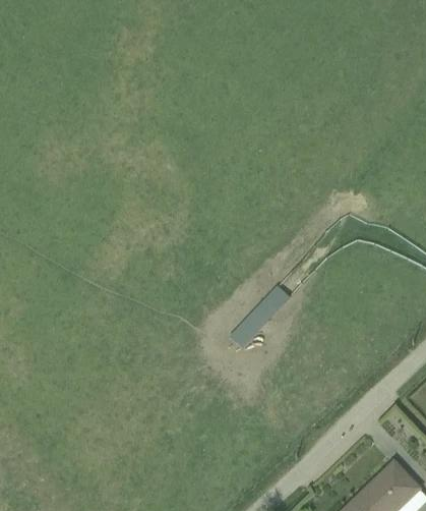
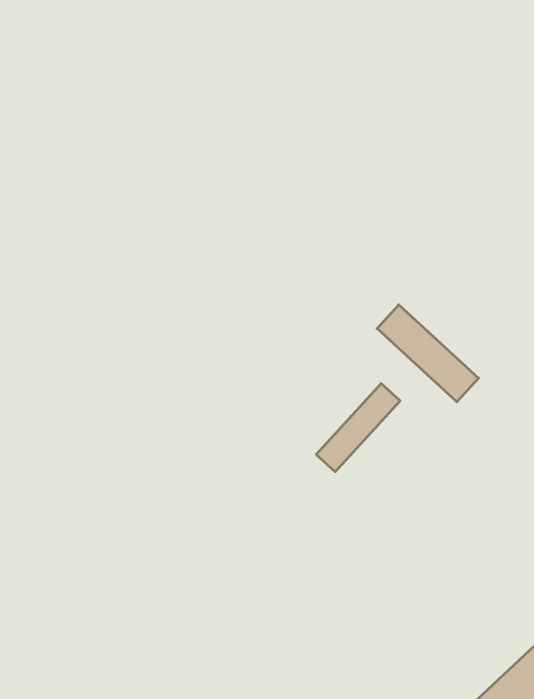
building: none -> [377,305,479,402]

